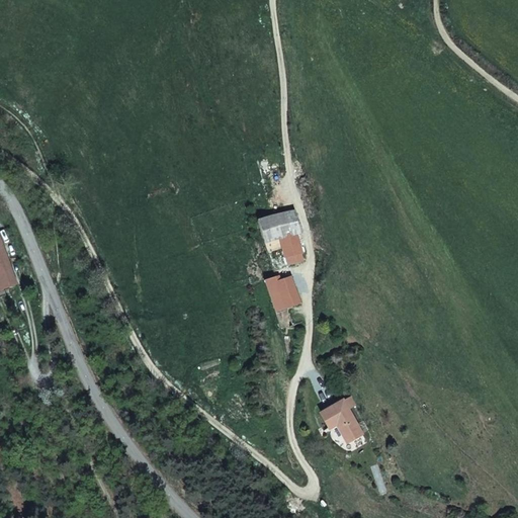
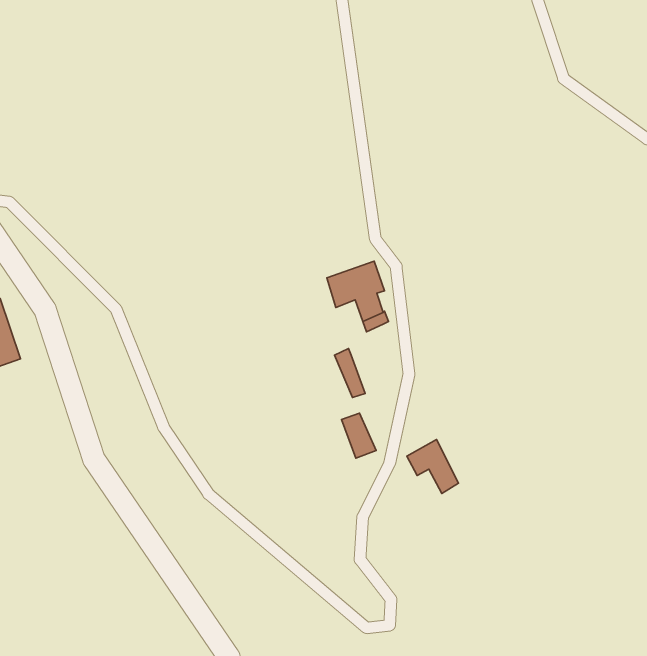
building: [276,275,304,311] -> [342,413,376,458]
building: [320,399,360,441] -> [407,440,458,494]

